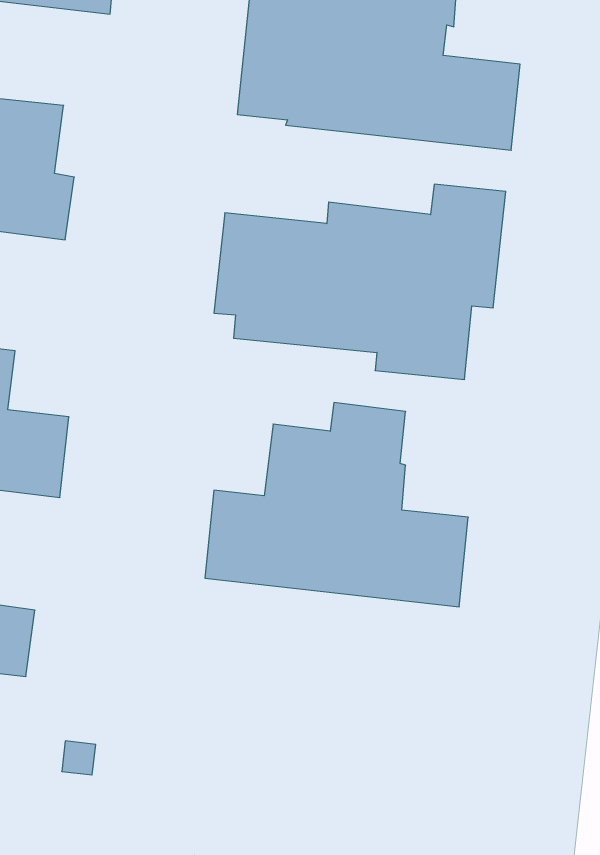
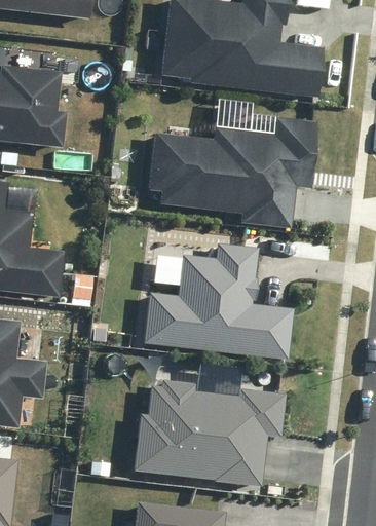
building: none -> [131,379,286,486]

